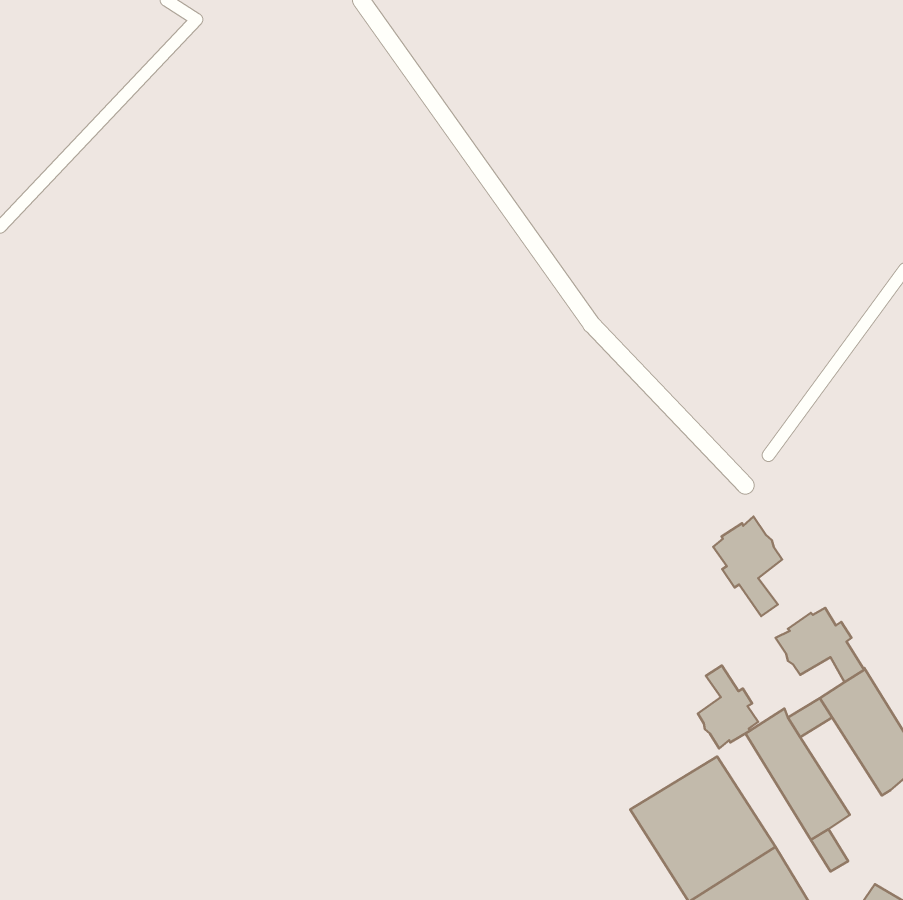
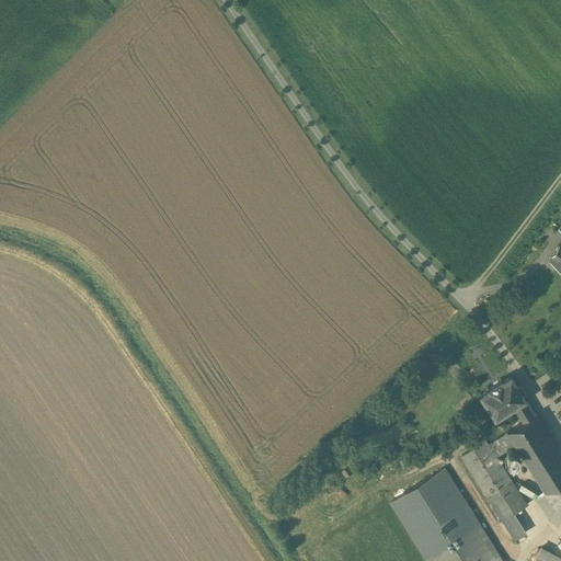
building: [713,516,782,616] -> none
building: [698,666,758,749] -> none

